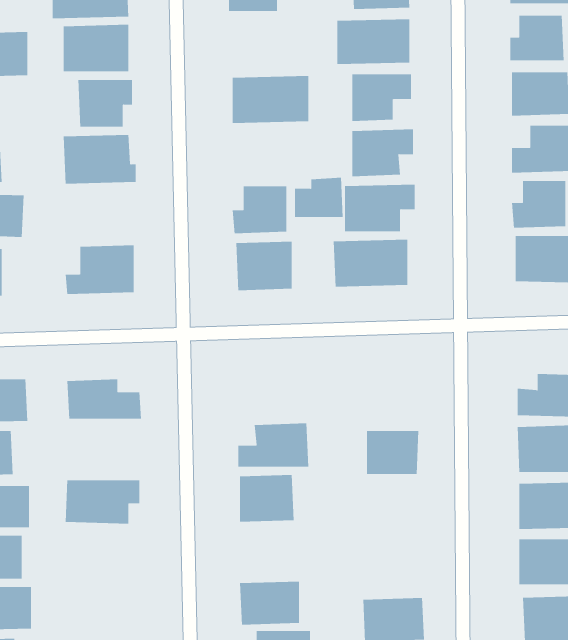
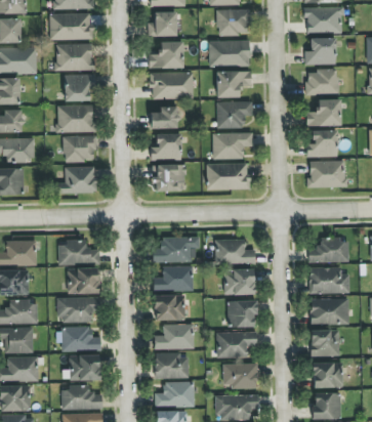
building: none -> [149,41,183,69]
building: [294,177,344,218] -> [151,106,178,128]
building: none -> [64,135,96,161]
building: none -> [153,237,200,262]
building: none -> [215,239,256,263]
building: none -> [68,267,99,293]
building: none -> [229,300,256,327]
building: none -> [155,324,195,349]
building: none -> [56,327,101,350]
building: none -> [216,331,257,357]
building: none -> [63,354,100,380]

